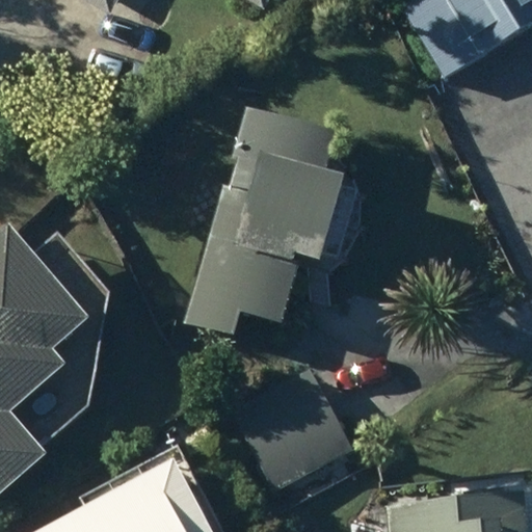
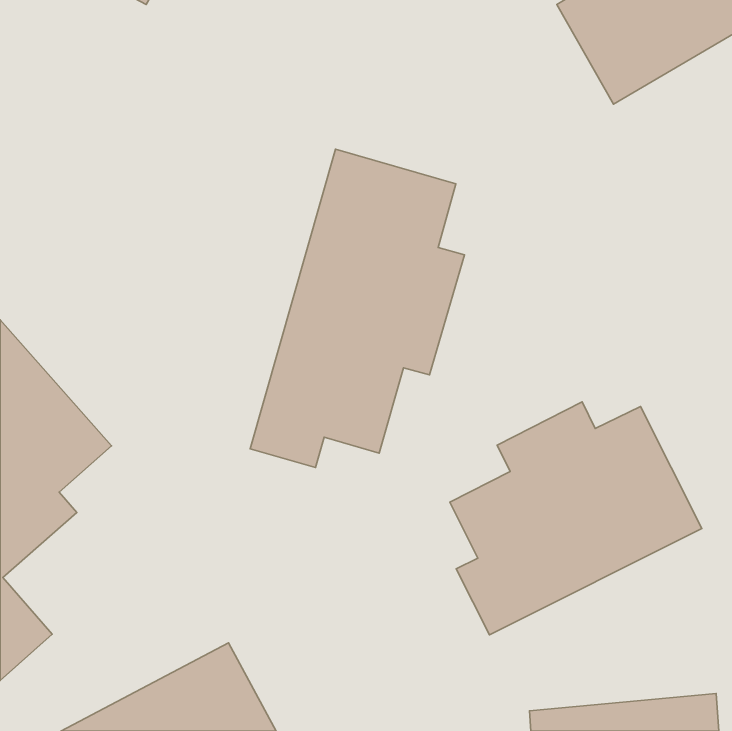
building: none -> [450,402,702,635]
building: [233,368,351,489] -> none

